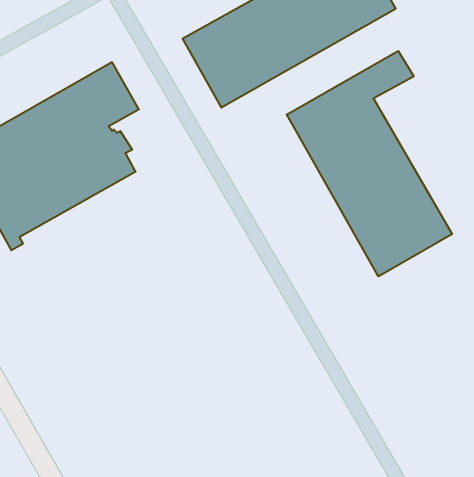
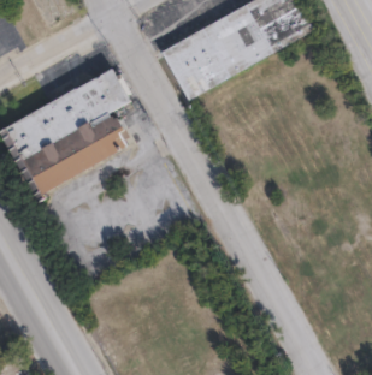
building: [287,51,452,276] -> none

